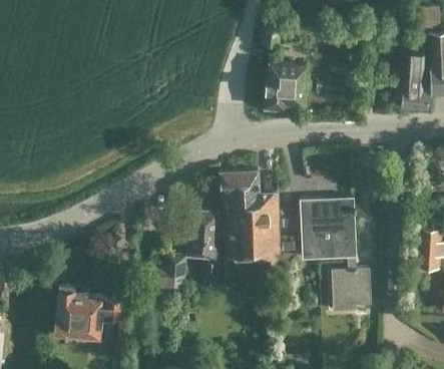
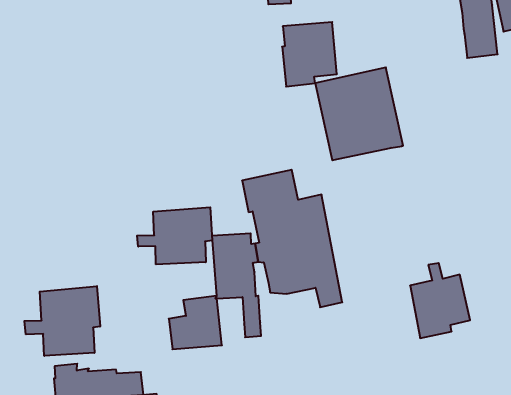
building: none -> [137,207,212,264]
building: [300,198,357,260] -> [315,67,403,160]
building: none -> [24,286,100,356]

